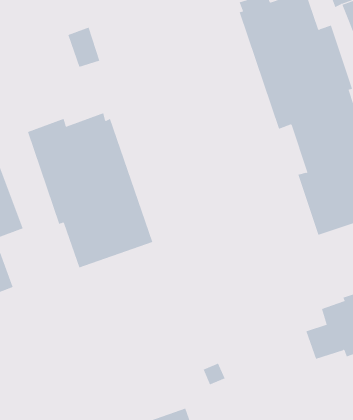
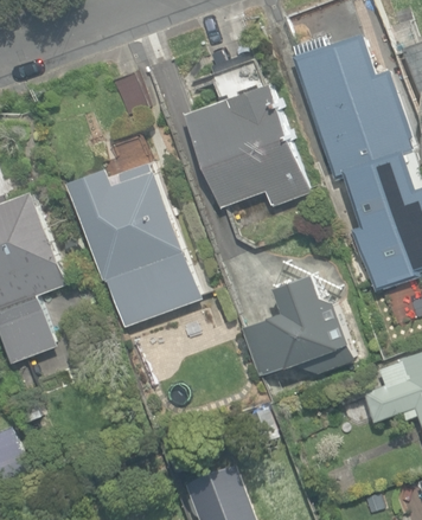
building: none -> [186,83,312,207]
building: none -> [238,274,354,377]

